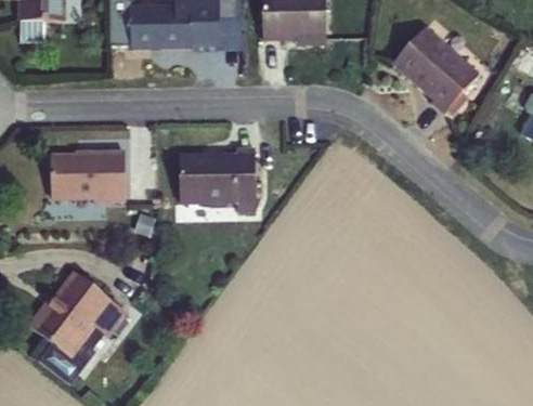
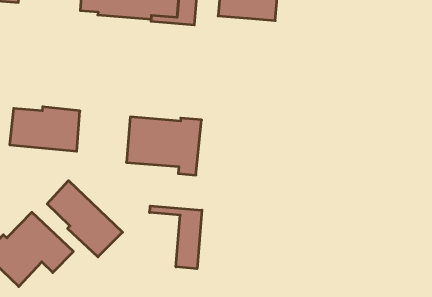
building: [388,28,472,115] -> none
building: none -> [47,181,123,257]
building: none -> [150,206,202,269]

